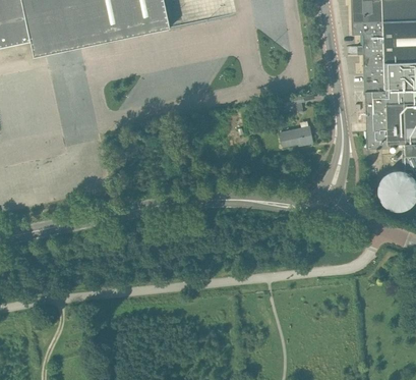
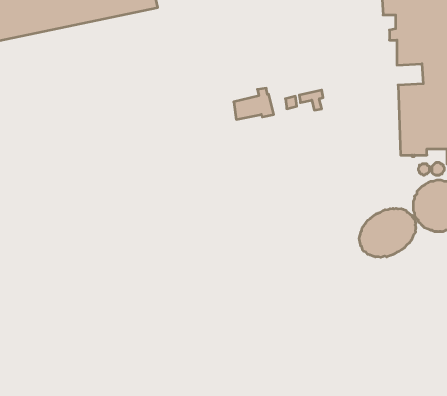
building: [281,121,313,147] -> [234,88,274,119]
building: none -> [359,208,416,257]

